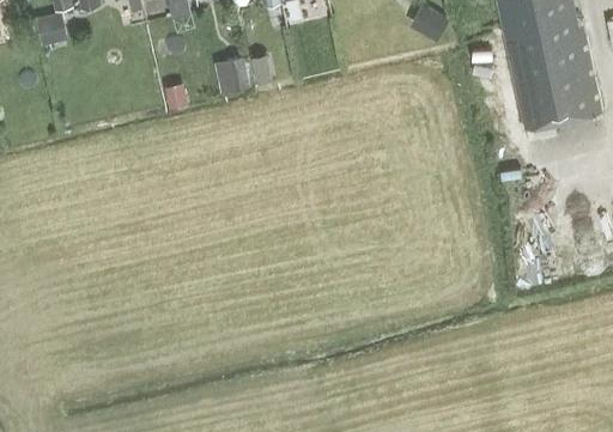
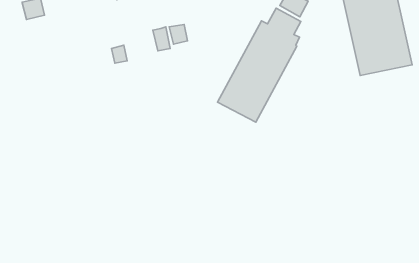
building: none -> [217,8,301,122]

